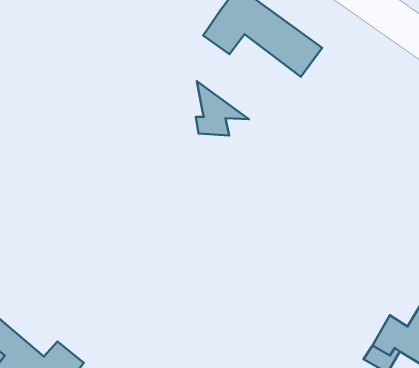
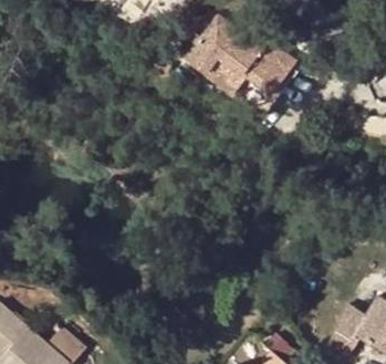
building: [196,81,249,136] -> none

